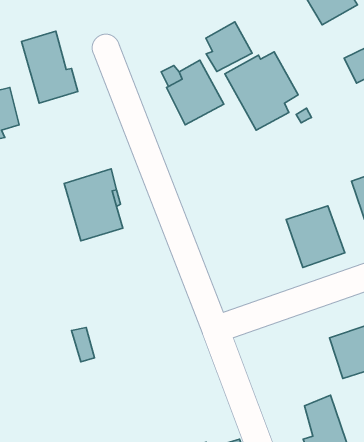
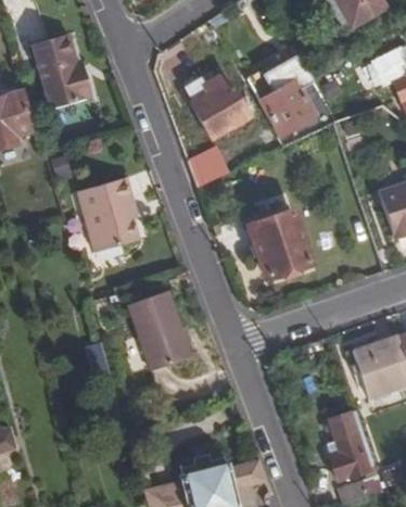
building: [206,22,252,72] -> none
building: none -> [188,148,232,188]
building: [286,206,345,268] -> [249,213,309,277]
building: none -> [127,290,192,369]

